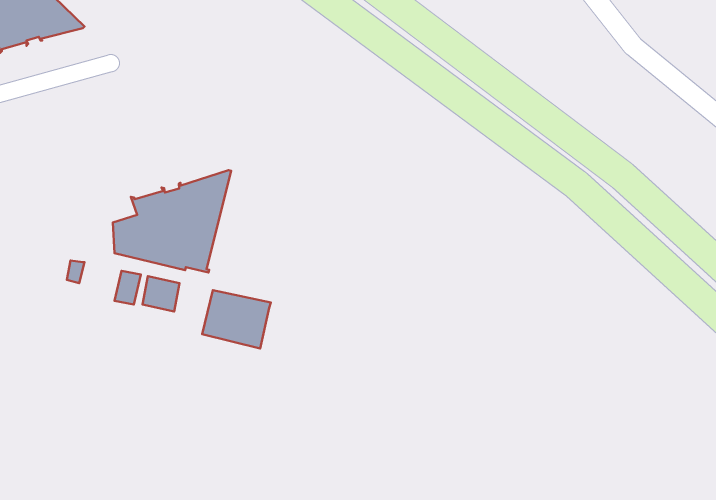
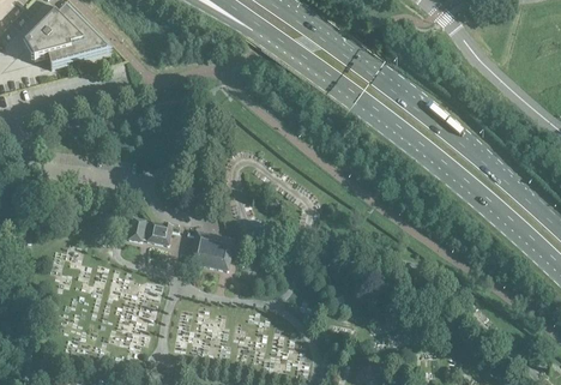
building: [113,170,231,273] -> none

